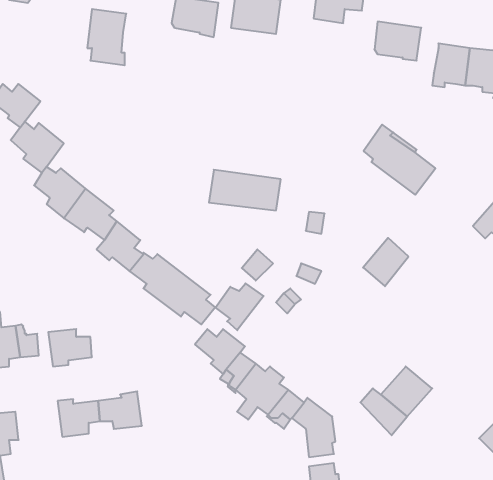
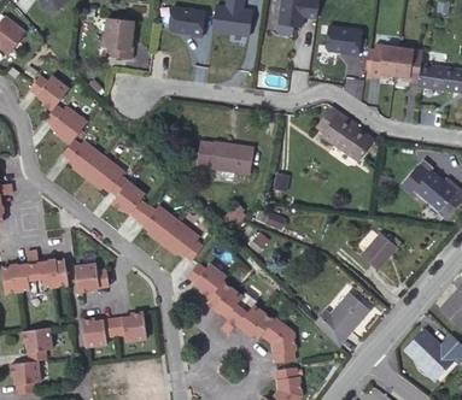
building: [363,238,408,286] -> [362,233,397,270]
building: [216,283,264,330] -> none

